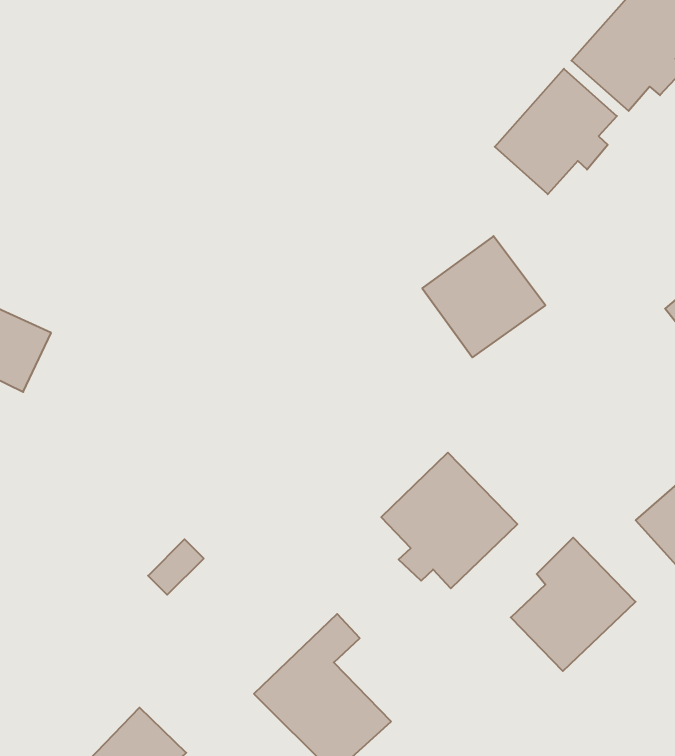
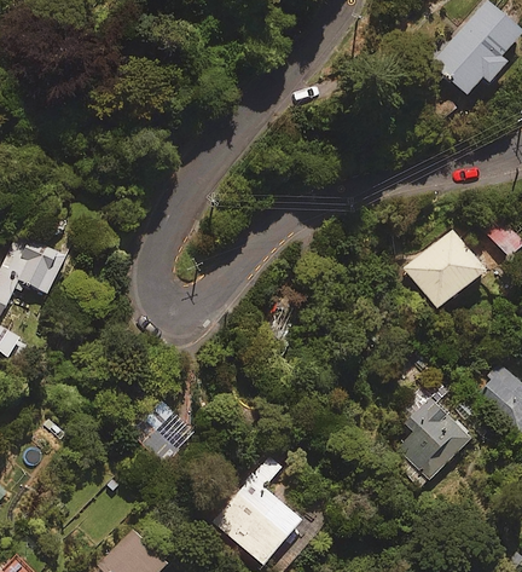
building: [495,69,617,194] -> none
building: [422,236,545,357] -> [401,225,487,310]
building: [381,453,517,588] -> none

